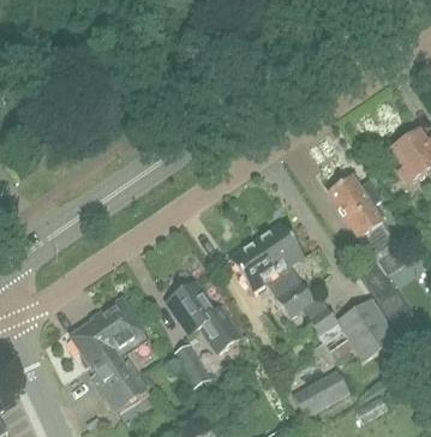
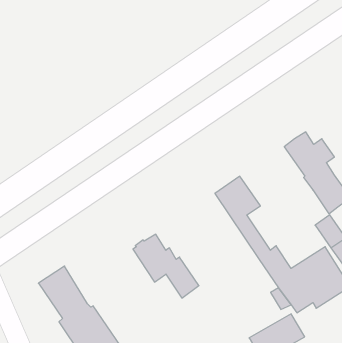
building: [228,241,301,319] -> none
building: [96,299,144,358] -> none
building: [172,343,210,389] -> none

